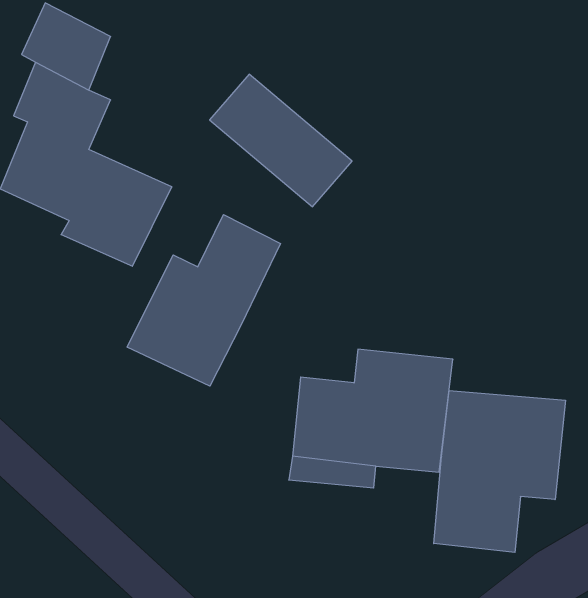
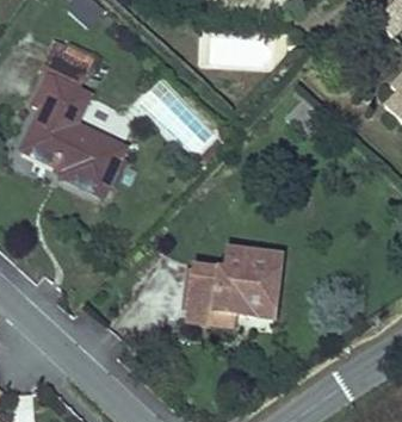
building: [127,215,281,386] -> none
building: [434,390,565,552] -> none

